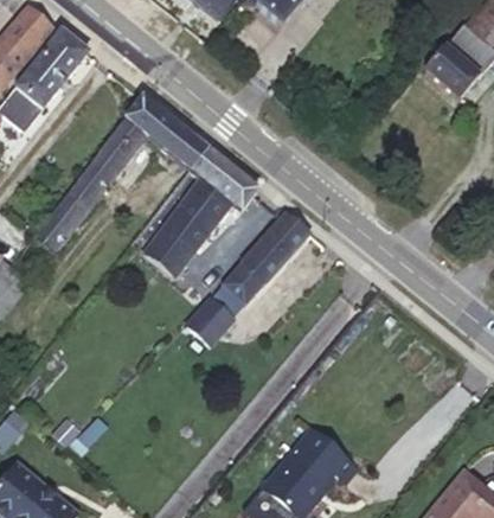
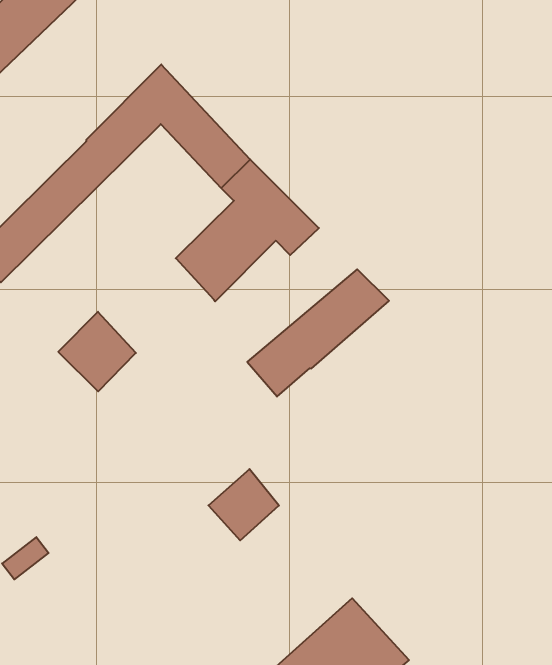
building: [145,222,195,274] -> [58,312,136,391]
building: [187,296,233,344] -> [208,469,279,540]

